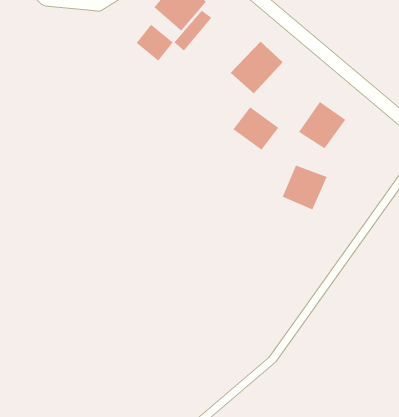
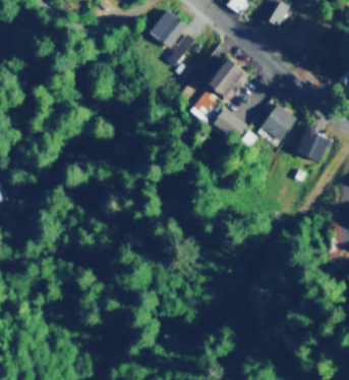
building: [136,24,173,62] -> none
building: none -> [188,92,217,121]
building: [282,165,328,210] -> [295,127,330,162]

